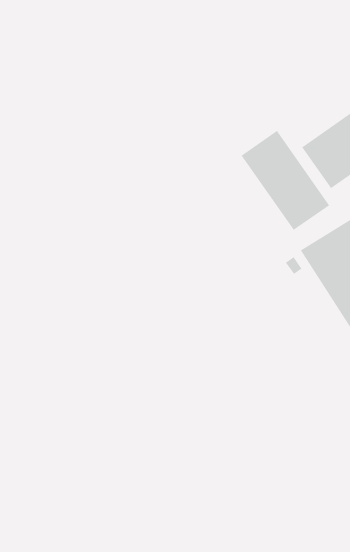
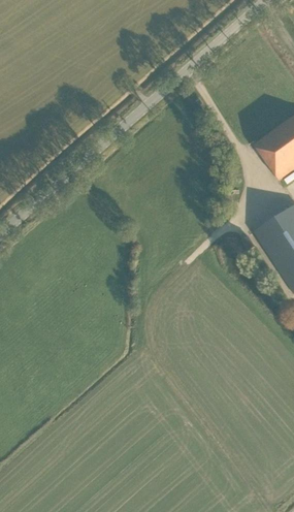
building: [240,130,330,231] -> none

